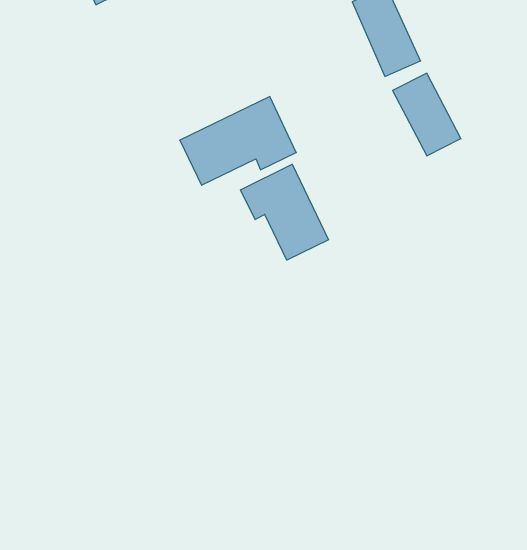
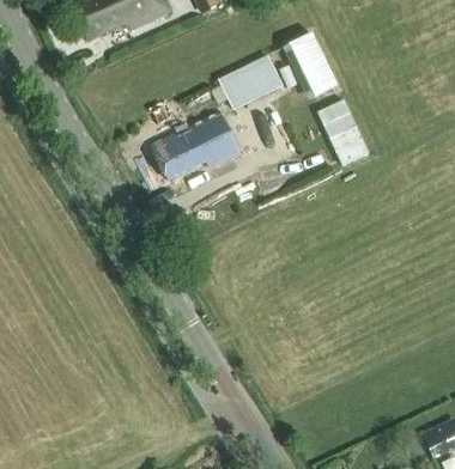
building: none -> [214,55,279,108]
building: [241,164,329,260] -> none

